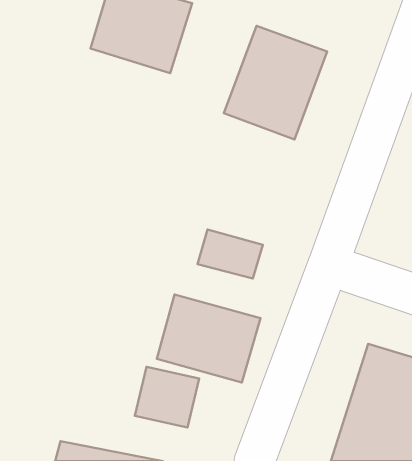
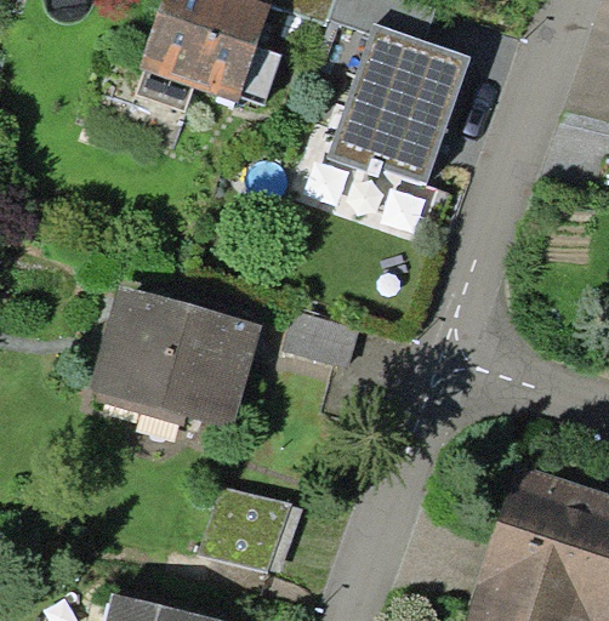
building: none -> [86,285,262,433]
building: [157,294,261,382] -> none

